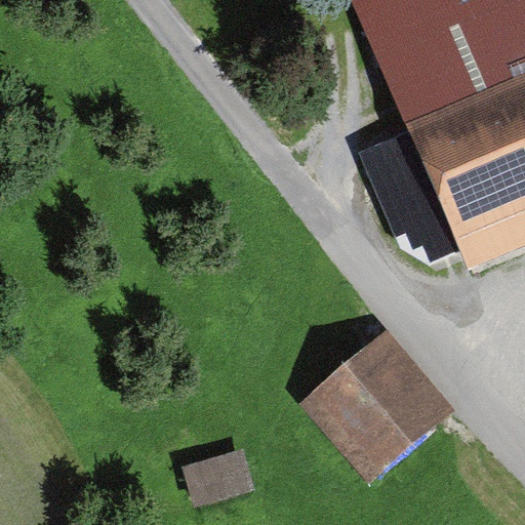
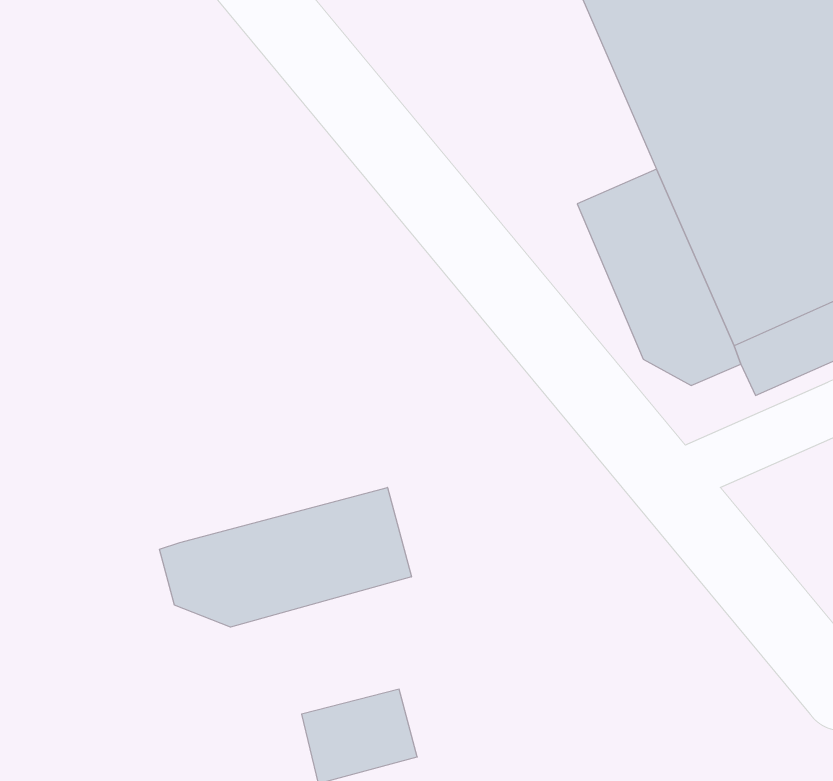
building: none -> [159,487,411,627]
building: [301,328,456,482] -> none

